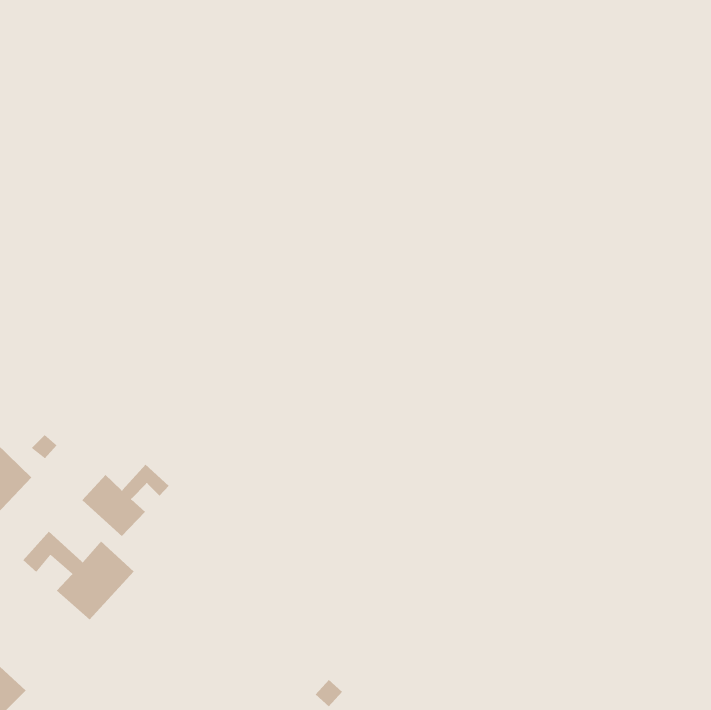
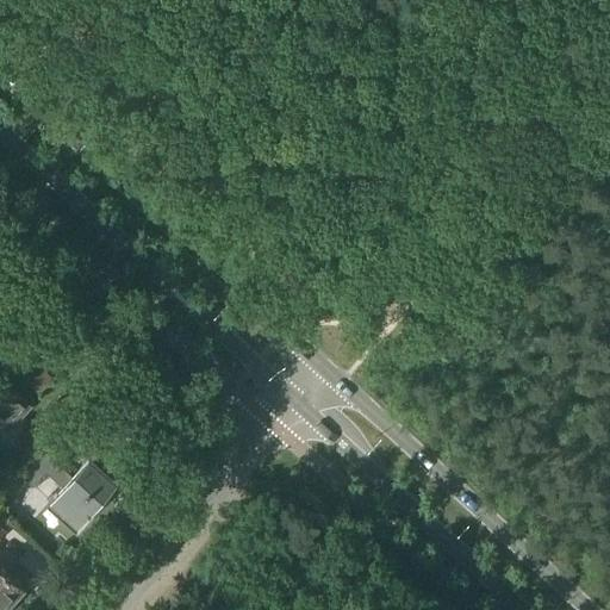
building: [82,464,169,537] -> none

